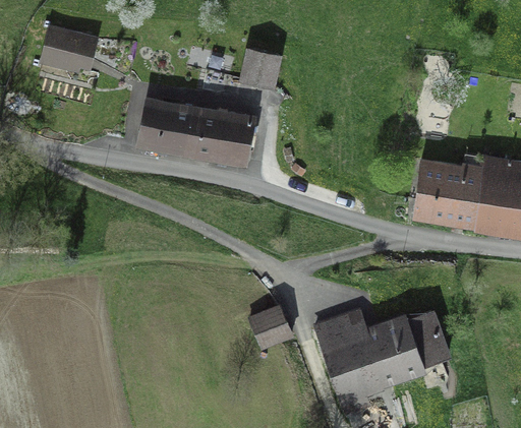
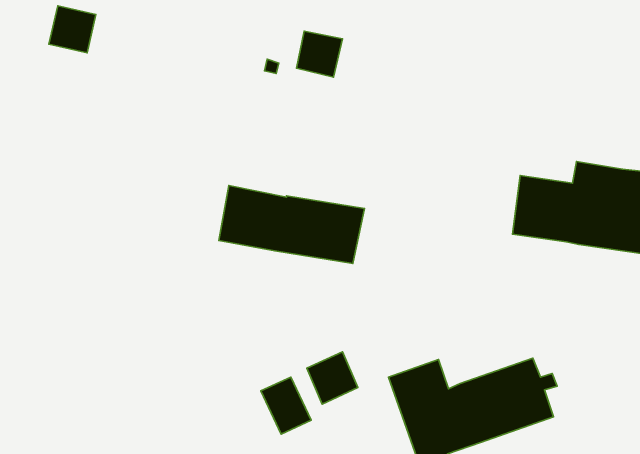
building: [138,101,254,163] -> [219,186,364,264]
building: none -> [261,377,311,434]

